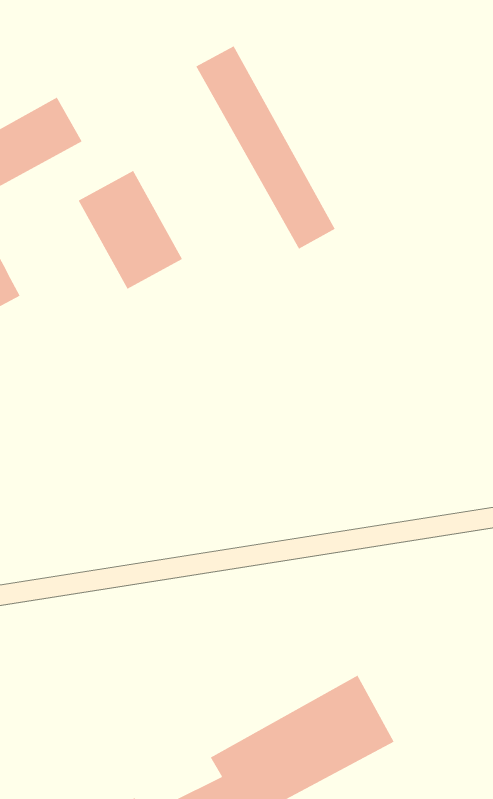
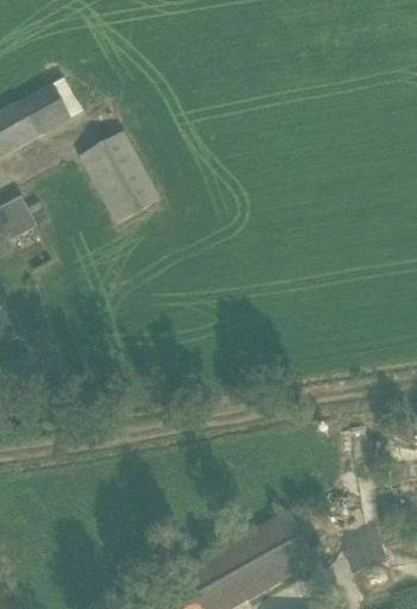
building: [195,45,335,249] -> none

